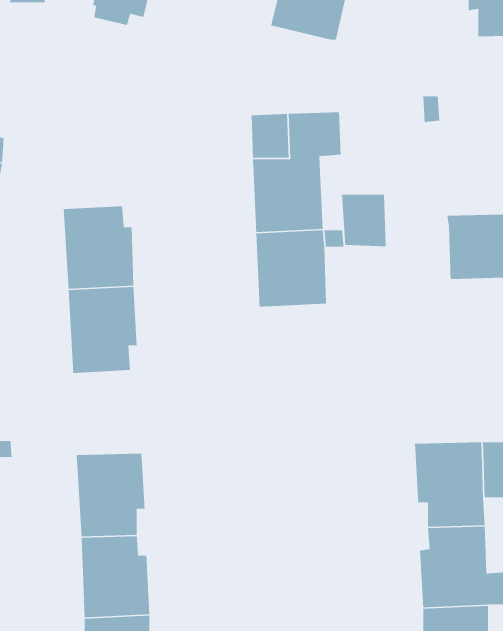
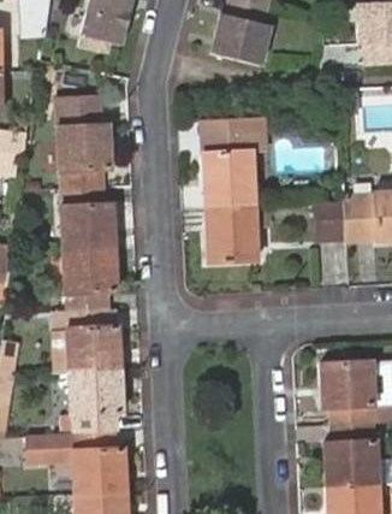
building: none -> [57,98,109,188]
building: [341,194,387,247] -> [314,201,348,241]
building: none -> [55,308,119,371]
building: none -> [31,432,75,460]

